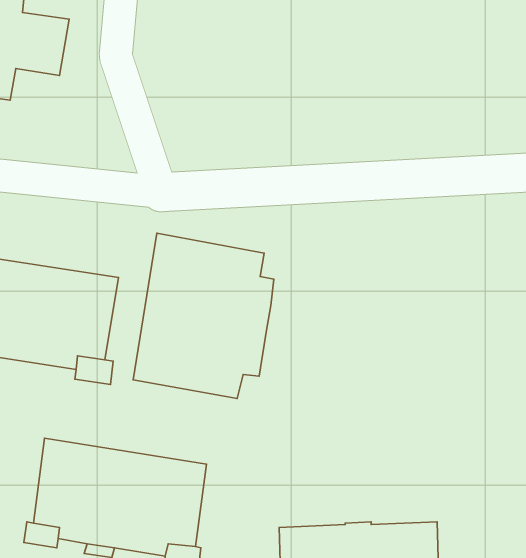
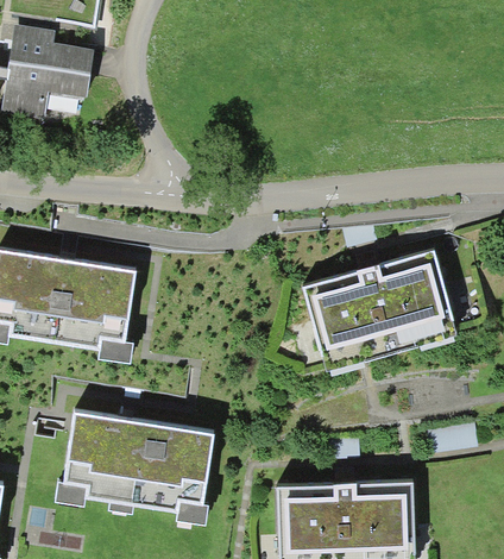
building: [133,233,274,399] -> none
building: none -> [304,250,459,373]

